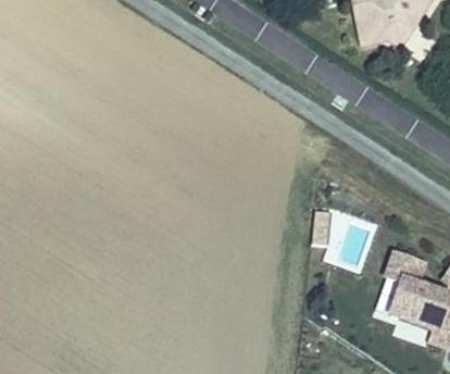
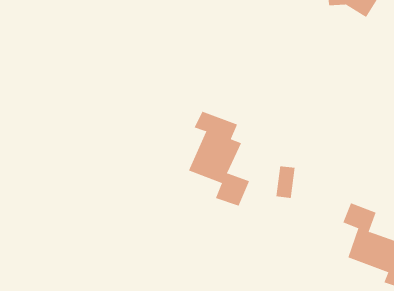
building: none -> [188,111,250,206]

